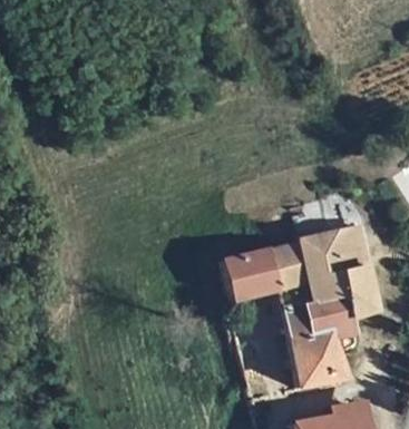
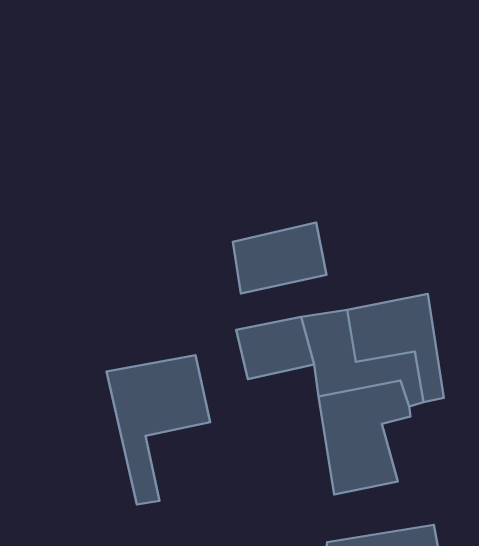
building: none -> [233,222,326,293]
building: none -> [106,355,210,505]

